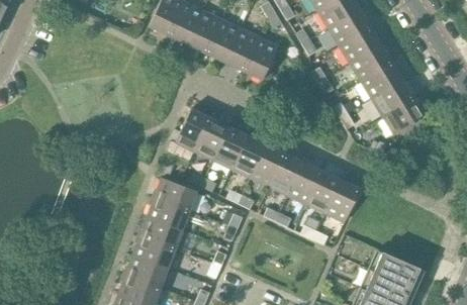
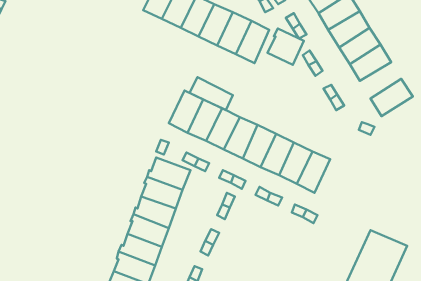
building: none -> [268,28,304,65]
building: [371,79,413,116] -> none
building: none -> [190,77,233,110]
building: [324,179,360,222] -> none

